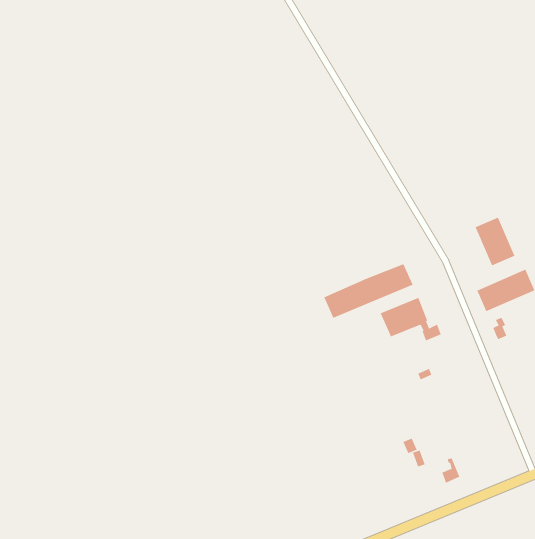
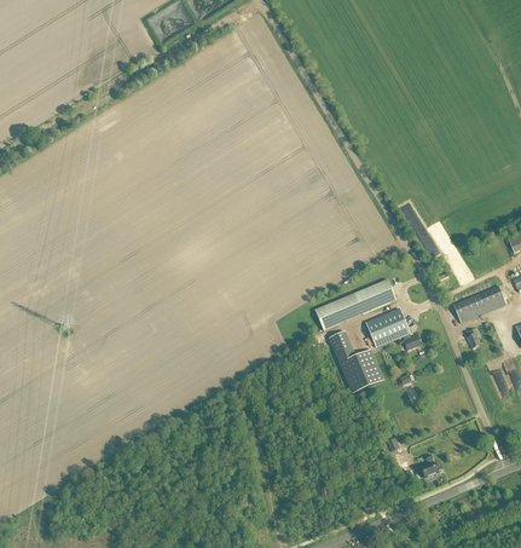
building: [475,217,515,266] -> none
building: none -> [329,331,383,392]

